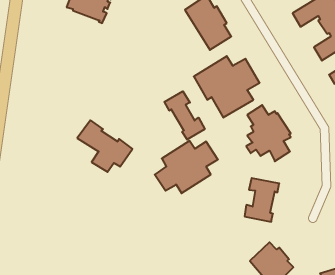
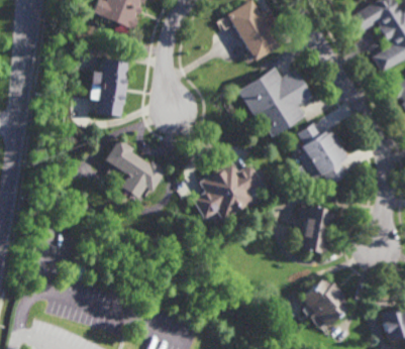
building: none -> [89,59,128,116]
building: [164,91,205,140] -> none

